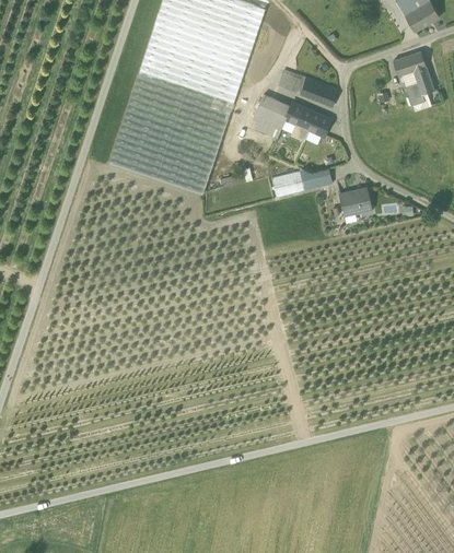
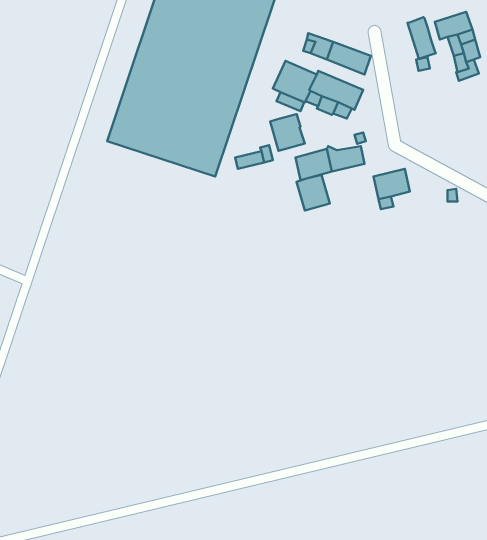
building: none -> [407,17,436,59]
building: none -> [270,114,305,151]
building: none -> [297,175,330,210]

